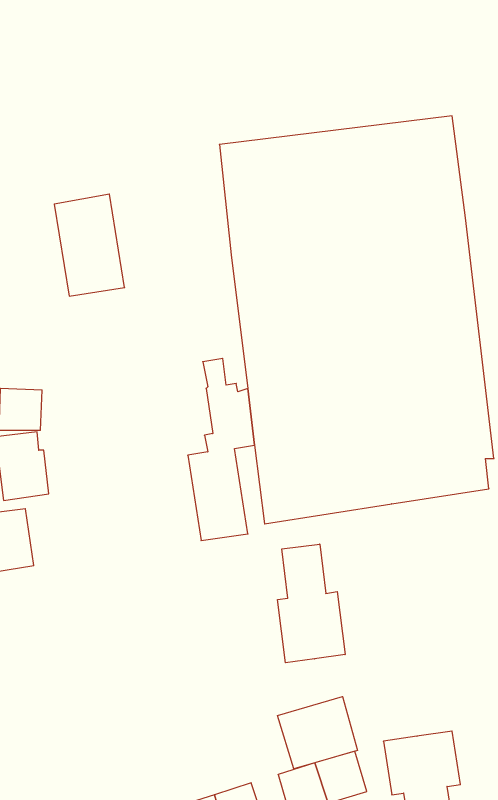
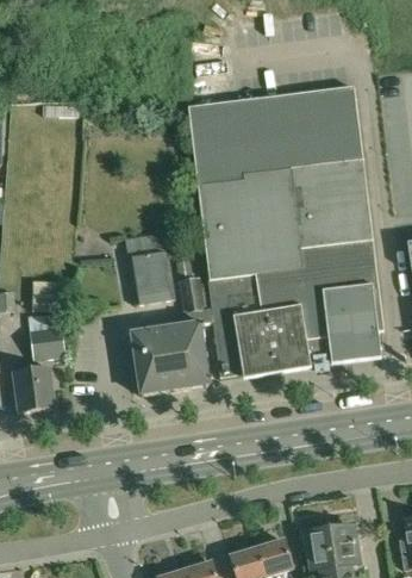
building: [54,194,125,296] -> [125,231,175,304]
building: none -> [132,328,175,393]
building: [278,544,345,663] -> none
building: [277,697,358,769] -> none

